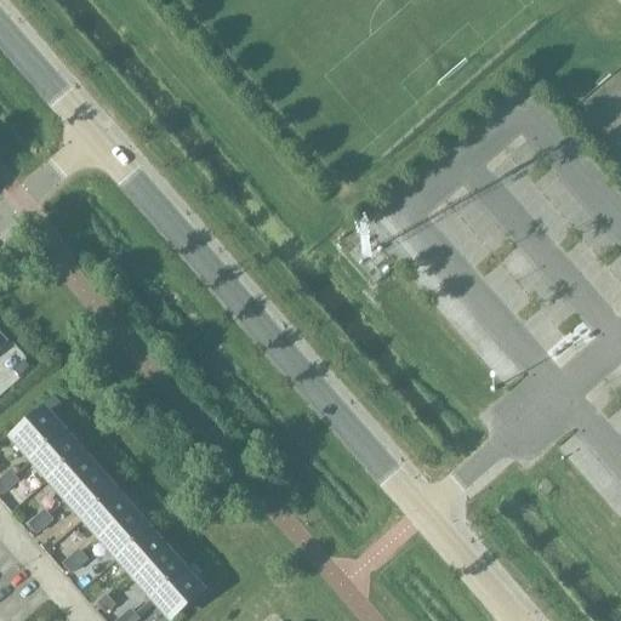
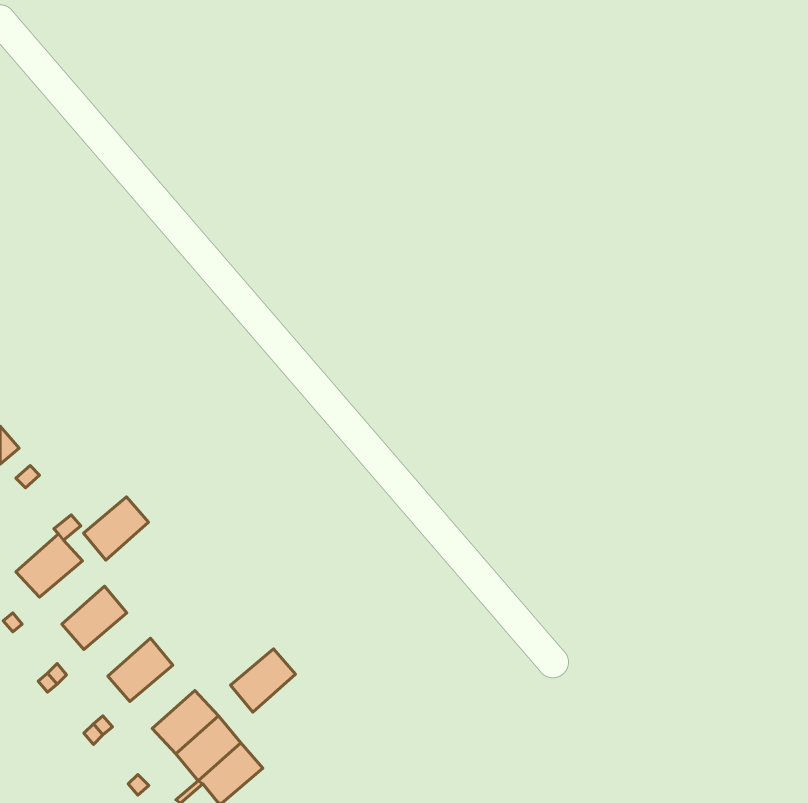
building: [32,429,81,478] -> [84,497,149,560]
building: [65,469,116,518] -> none
building: [101,509,150,558] -> [231,649,296,712]

